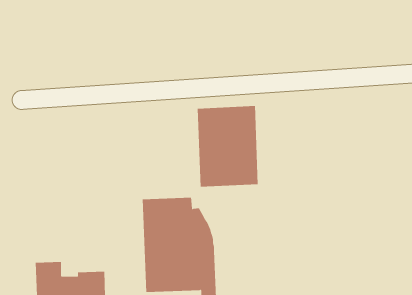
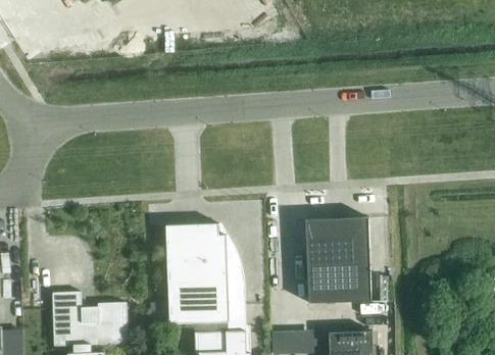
building: [197,105,259,187] -> [305,217,370,304]

